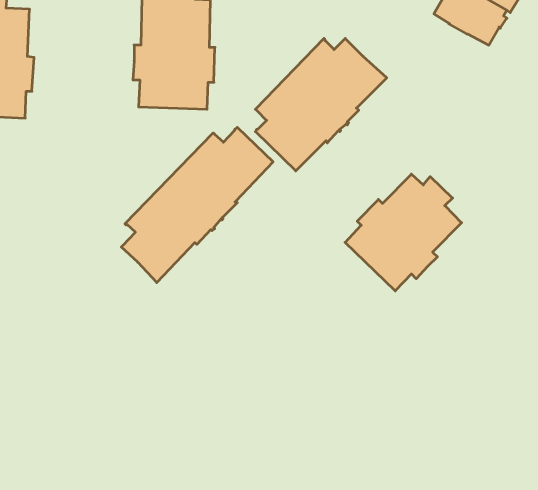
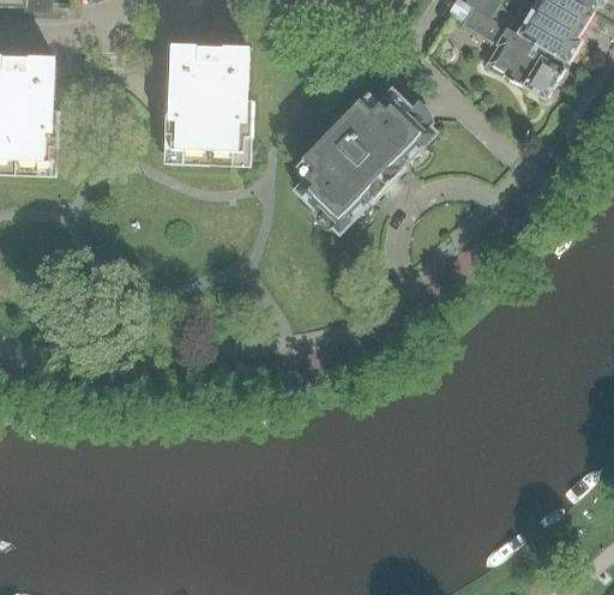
building: [121,127,273,283] -> none
building: [345,174,462,291] -> none

